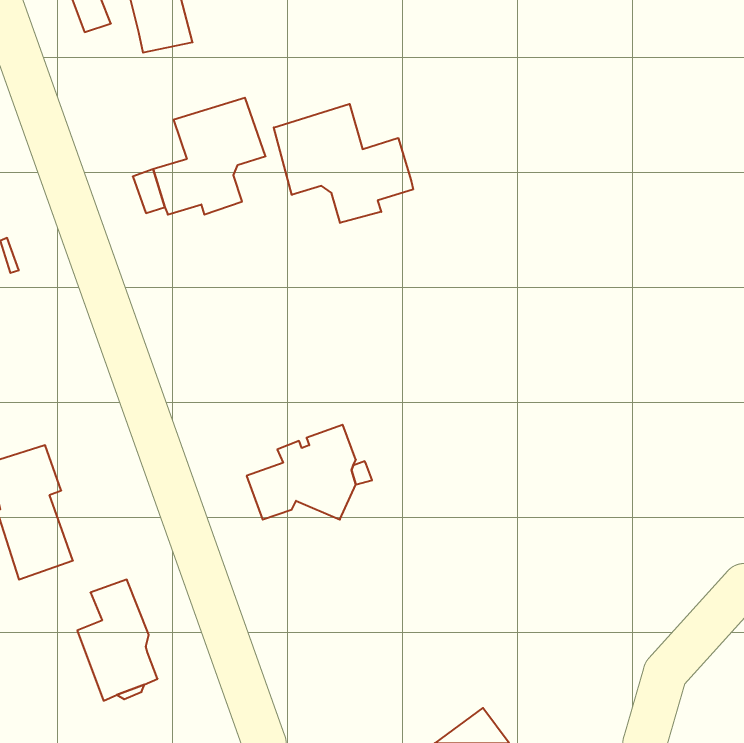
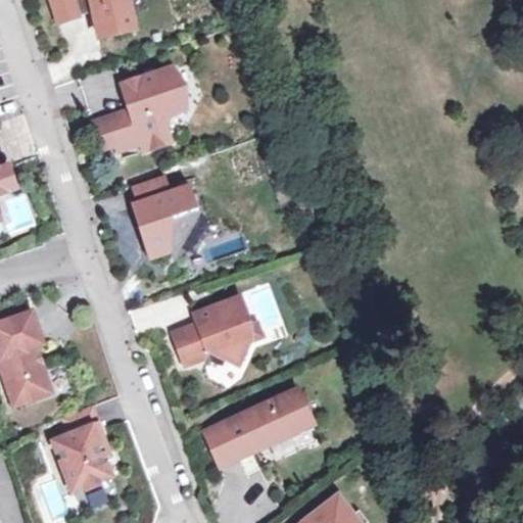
building: [274,104,413,223] -> none
building: none -> [132,177,197,259]
building: none -> [205,391,312,467]

